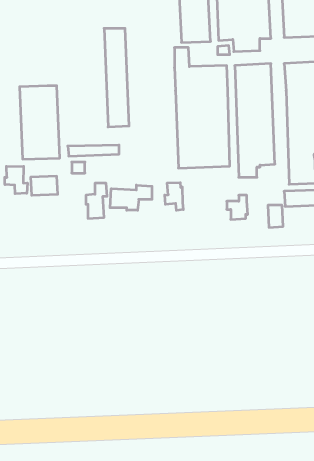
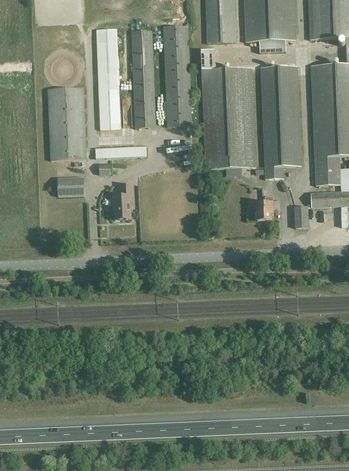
building: none -> [162,25,191,127]
building: none -> [96,28,121,129]
building: [5,166,27,194] -> none
building: [165,183,183,210] -> none
building: [110,185,152,210] -> none

